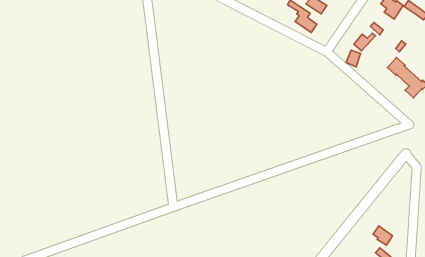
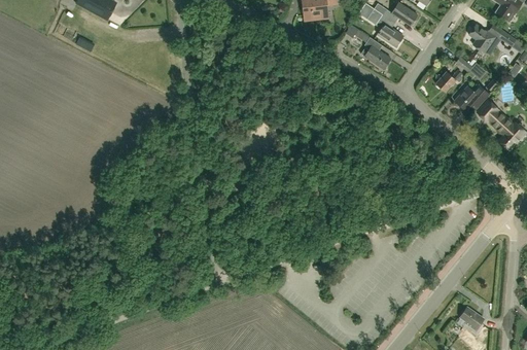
building: none -> [454,86,489,111]

